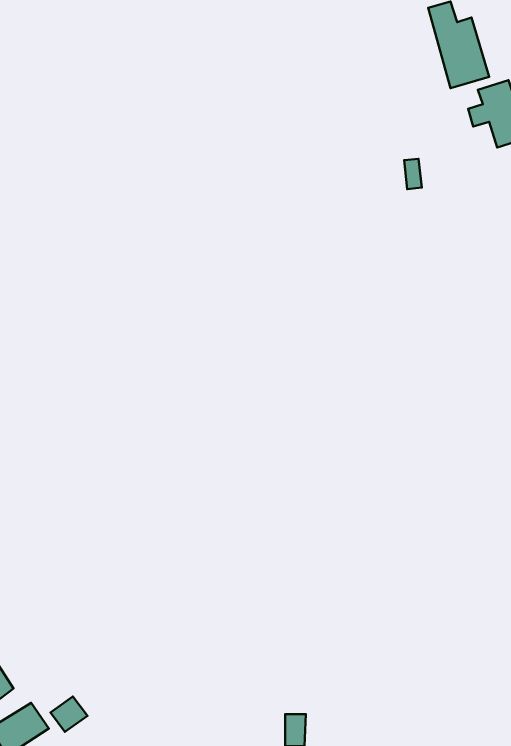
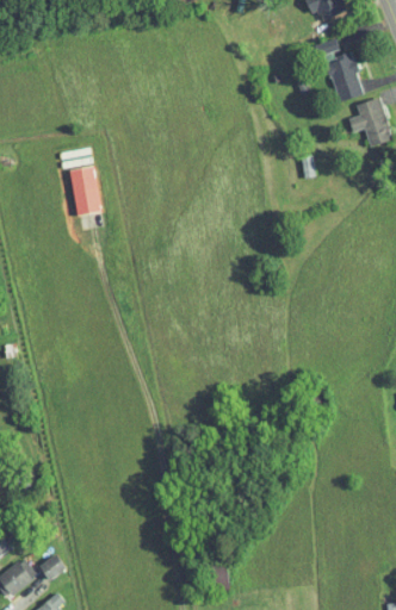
building: none -> [72,167,100,214]

